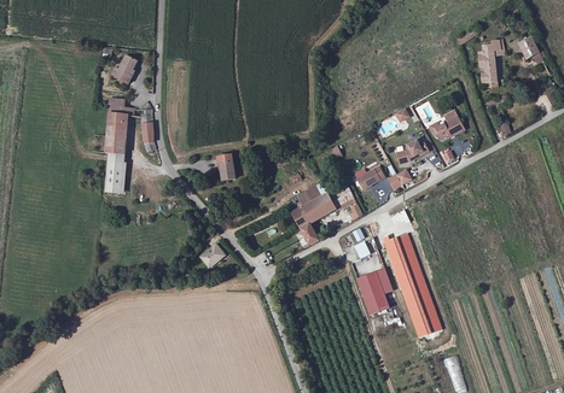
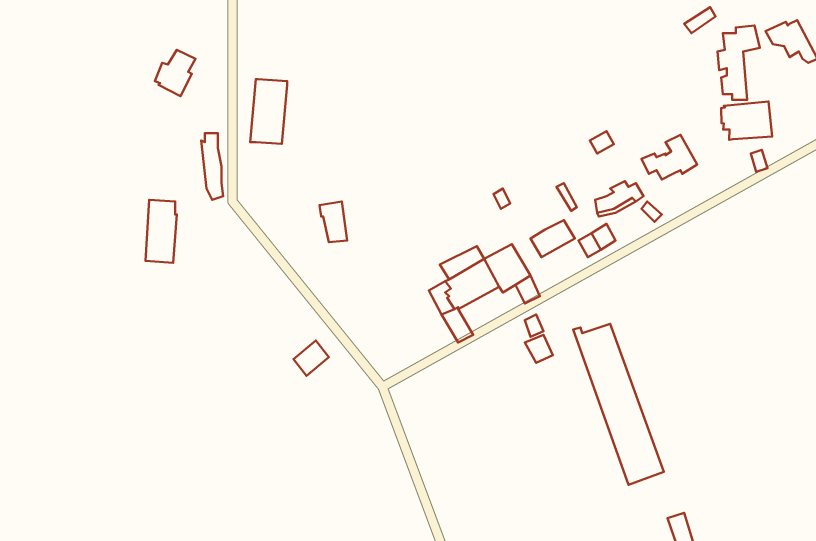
building: none -> [721,101,772,140]
building: [103,111,127,153] -> [250,79,287,144]
building: [357,271,389,315] -> none

